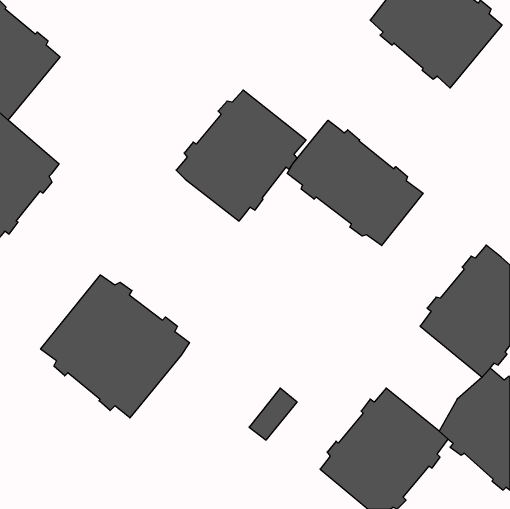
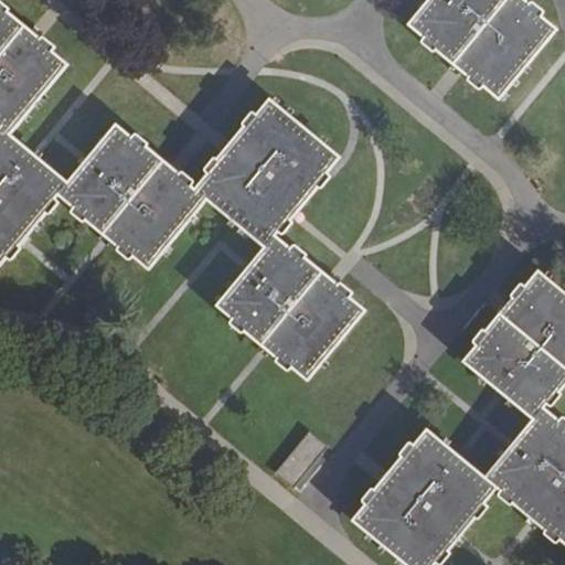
building: none -> [57,122,204,267]
building: [287,120,423,246] -> none
building: none -> [216,233,362,377]
building: [41,275,189,418] -> none

